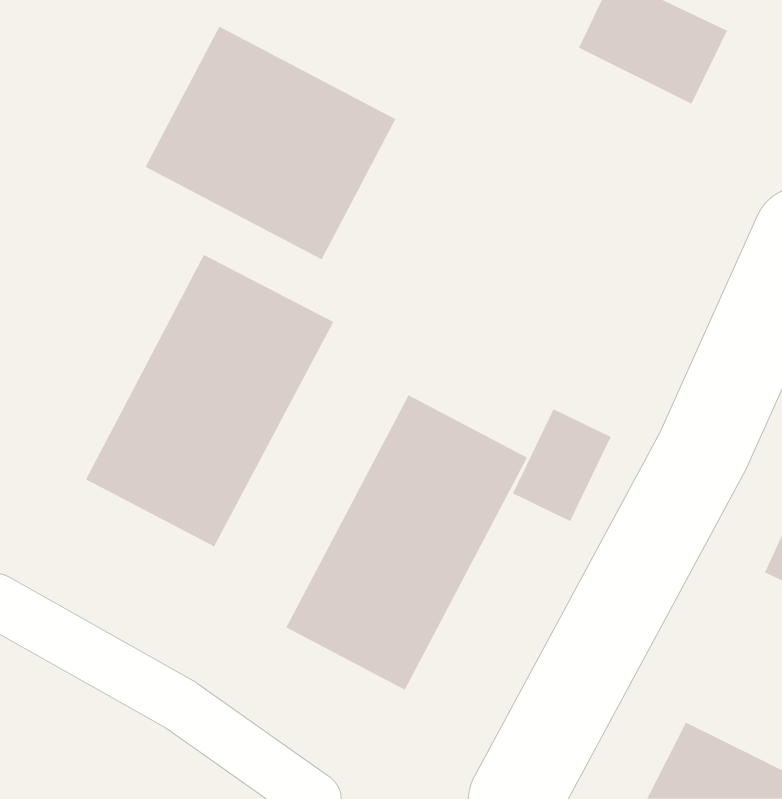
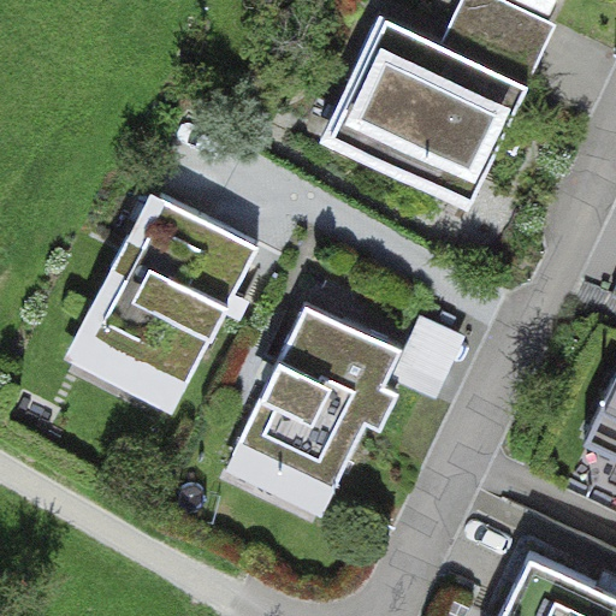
building: none -> [332,16,532,192]
building: [145,26,396,260] -> none

